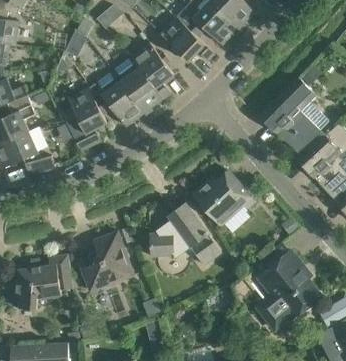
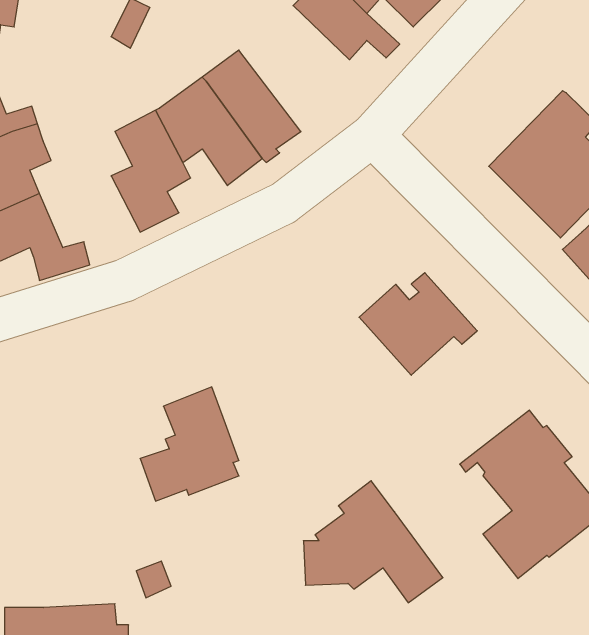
building: [132,43,174,99] -> none
building: [150,203,222,266] -> [303,481,443,603]
building: [17,255,73,309] -> none

